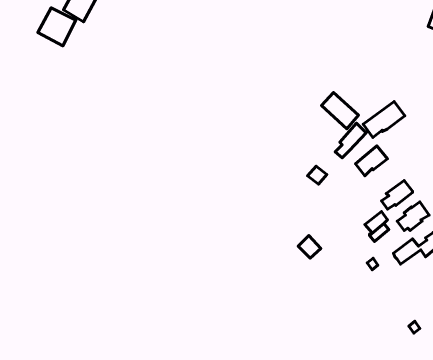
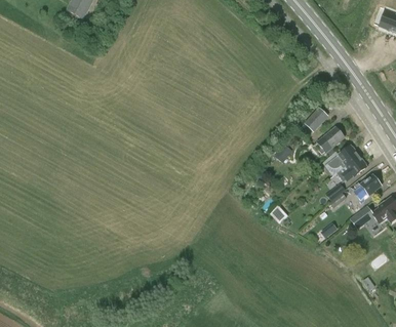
building: [38,8,76,46] -> none
building: [321,92,358,129] -> none
building: [363,102,405,137] -> [323,145,359,175]

